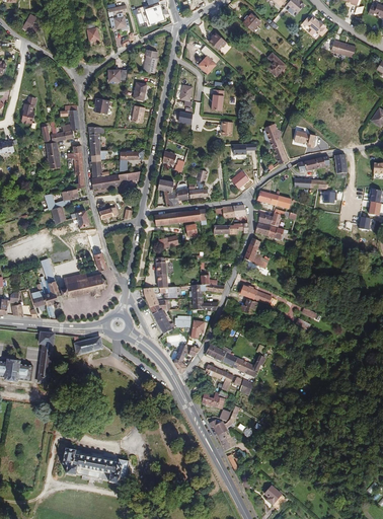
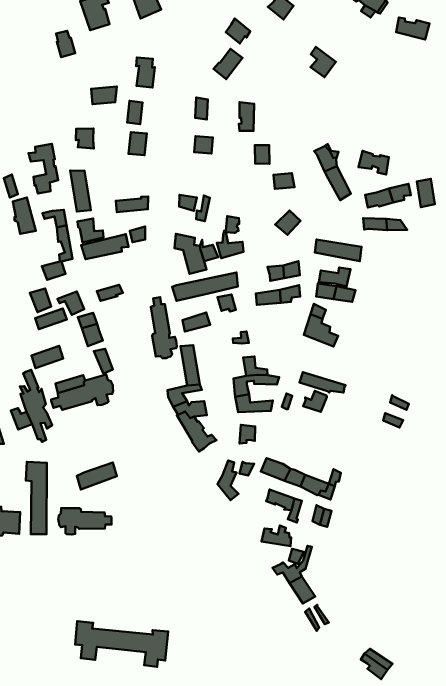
building: none -> [151,297,177,358]
building: none -> [58,508,111,534]

